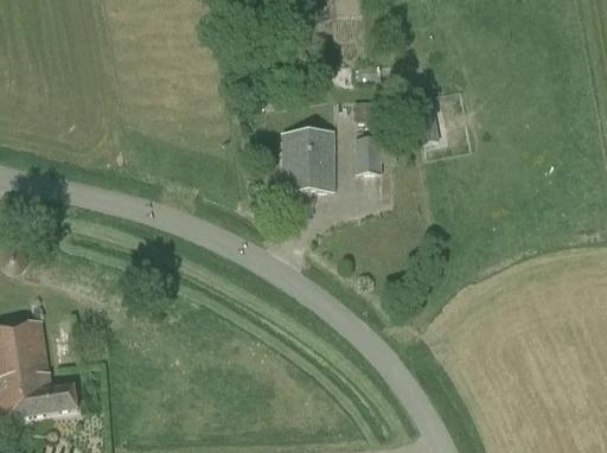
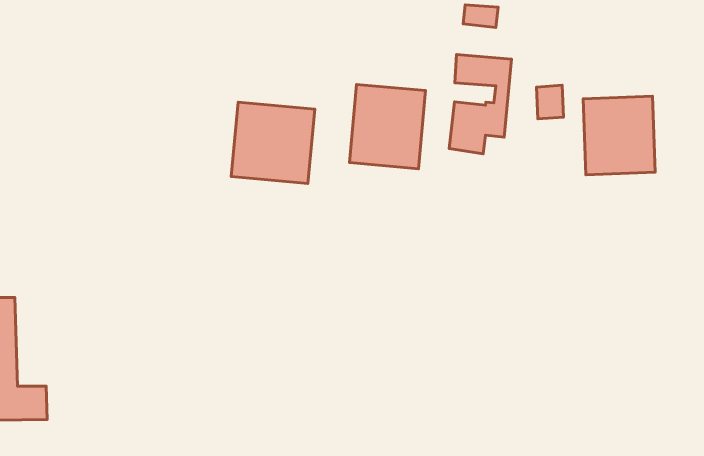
building: none -> [583,96,655,175]
building: none -> [231,102,315,184]

